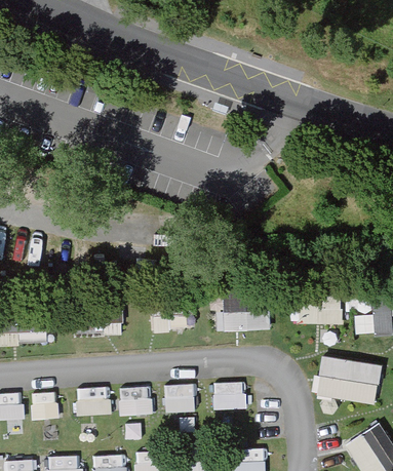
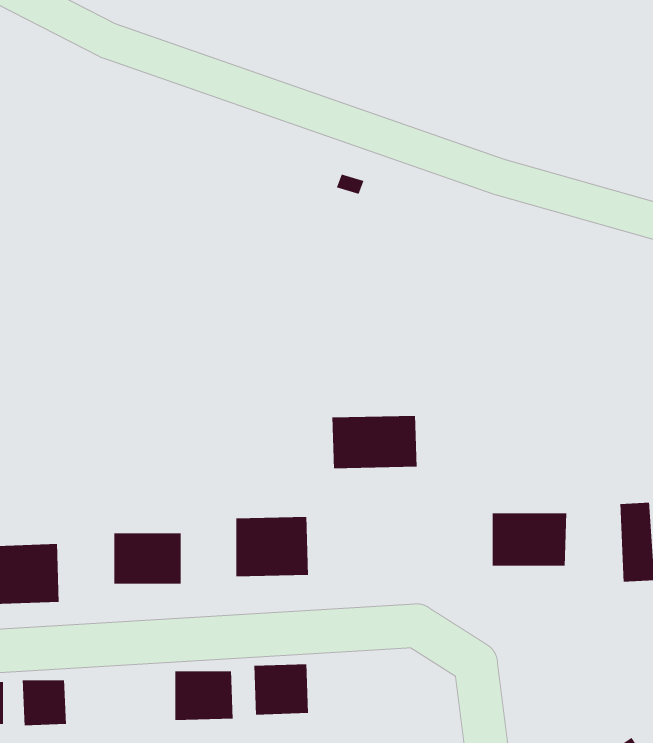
building: [218,296,267,326] -> [331,415,418,469]
building: [318,360,383,409] -> none
building: [212,382,246,409] -> none
building: [76,388,108,415] -> none

